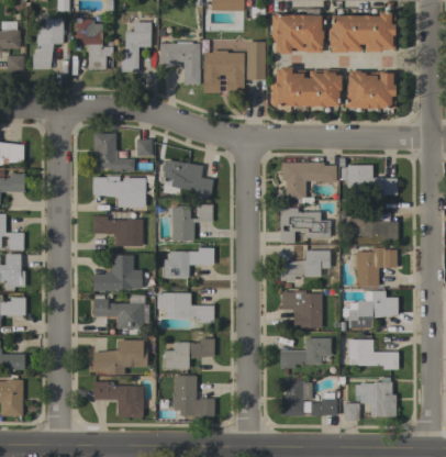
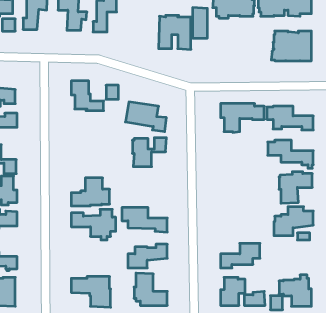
building: [160,41,201,83] -> none
building: [271,66,343,107] -> none
building: [92,176,145,208] -> none
building: [280,207,331,242] -> none
building: [92,215,143,246] -> none
building: [164,247,214,277] -> none
building: [278,250,330,282] -> none
building: [281,290,322,327] -> none
building: [92,339,147,374] -> none
building: [345,339,398,369] -> none

